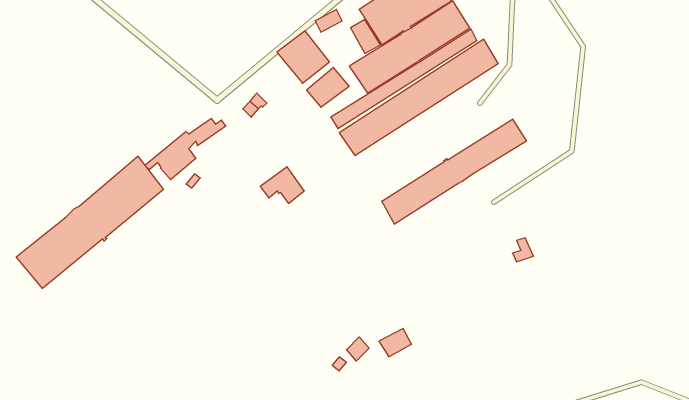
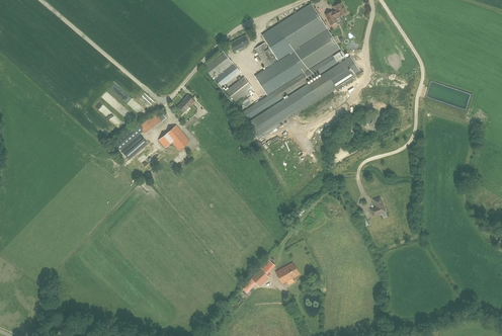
building: [382,119,526,224] -> none
building: [16,156,163,288] -> none
building: [260,167,304,204] -> [157,123,188,150]

